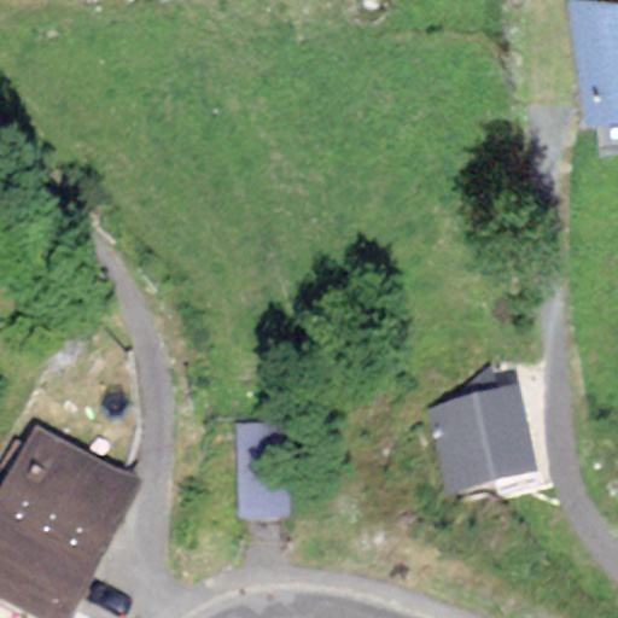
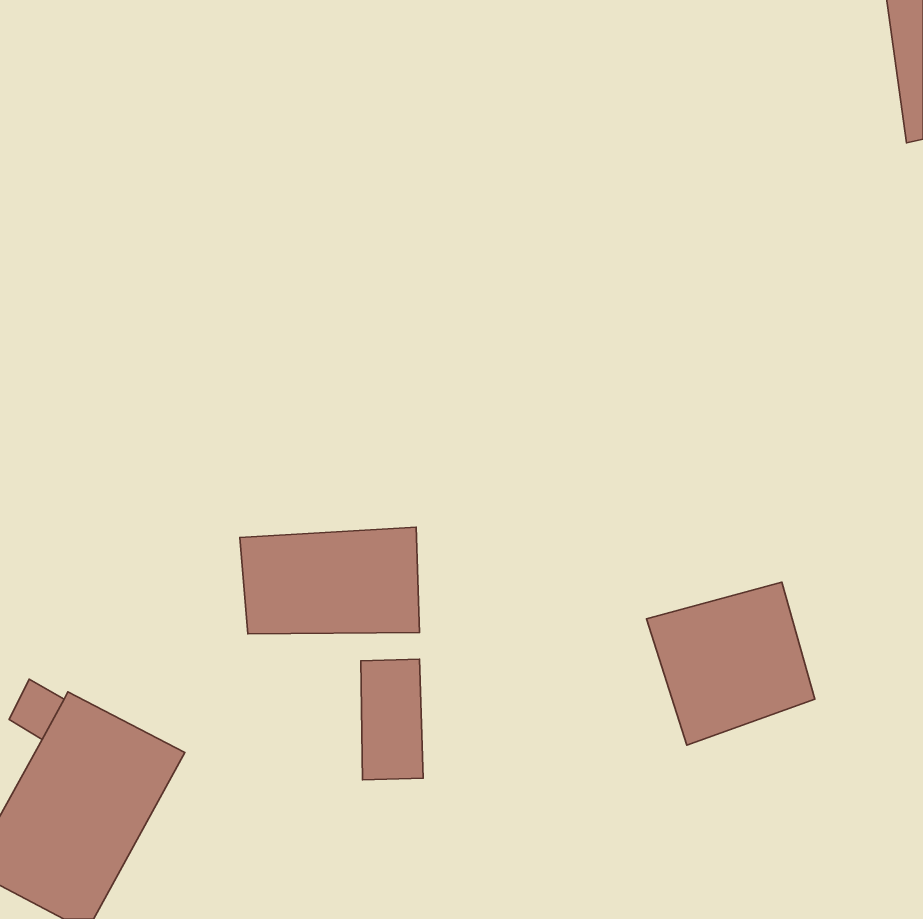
building: none -> [240,527,419,634]

